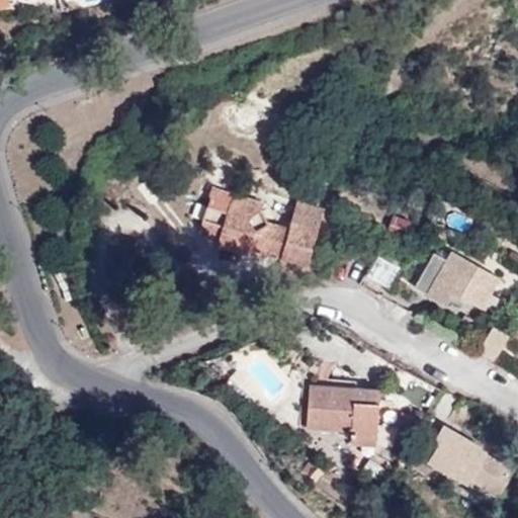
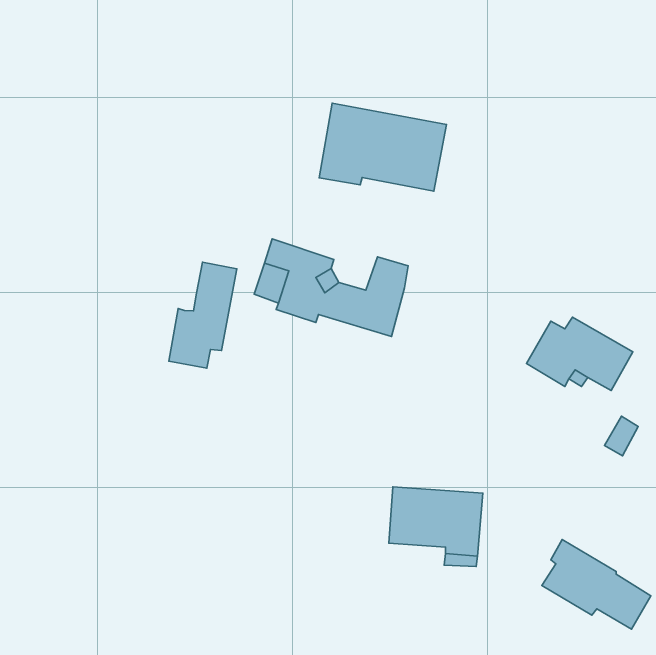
building: none -> [319,103,447,191]
building: none -> [169,262,237,368]

